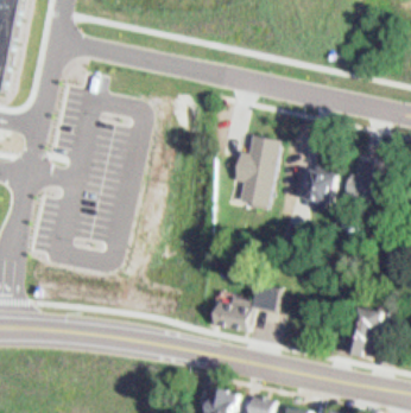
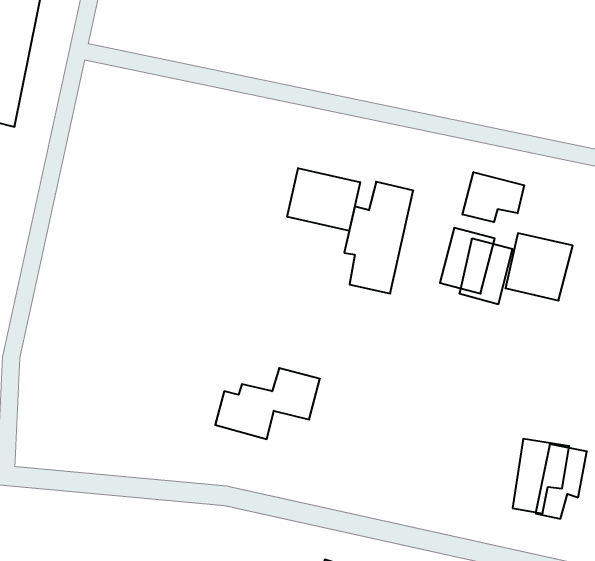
building: none -> [287,168,360,231]
building: none -> [462,172,524,222]
building: [213,284,283,331] -> [215,368,320,439]

